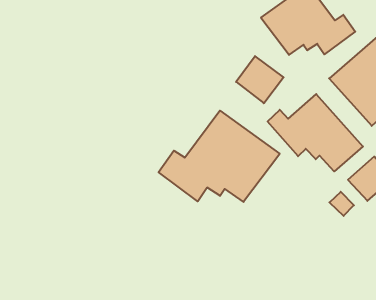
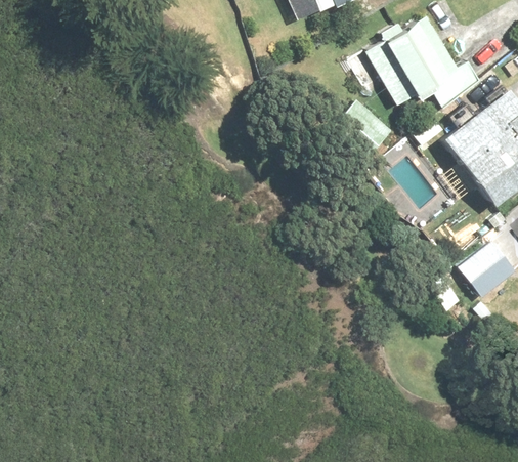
building: [268,94,363,171] -> none
building: [159,111,280,202] -> none

